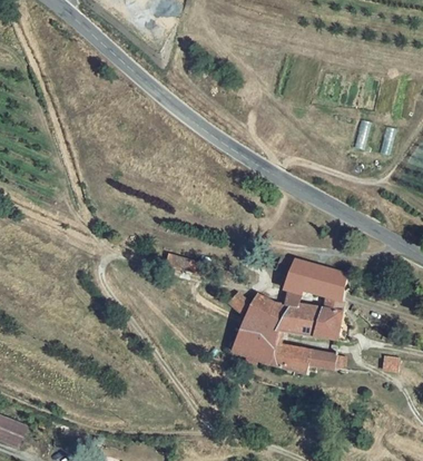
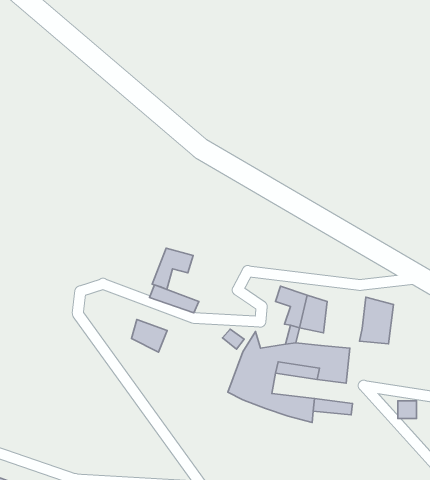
building: none -> [152,248,193,289]
building: [315,267,345,308] -> [360,297,394,344]
building: none -> [132,319,167,352]

